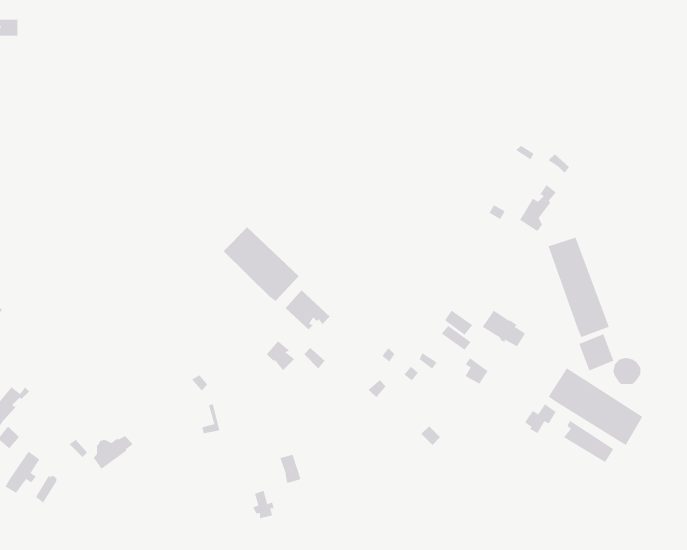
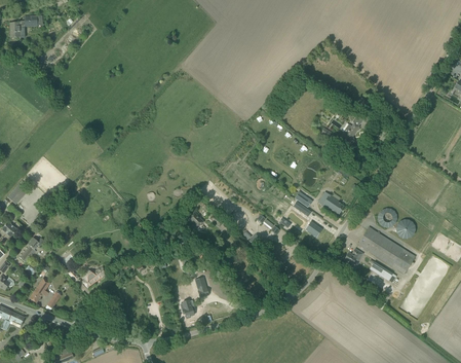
building: [223,227,300,302] -> none
building: [548,237,610,338] -> none

